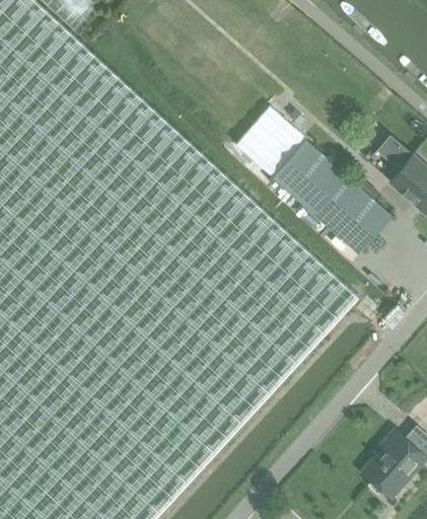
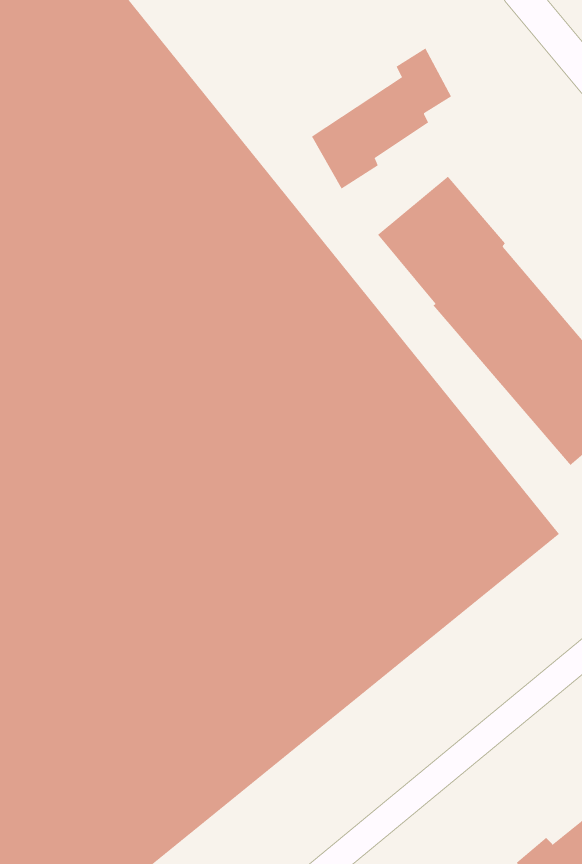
building: none -> [311,47,452,189]

